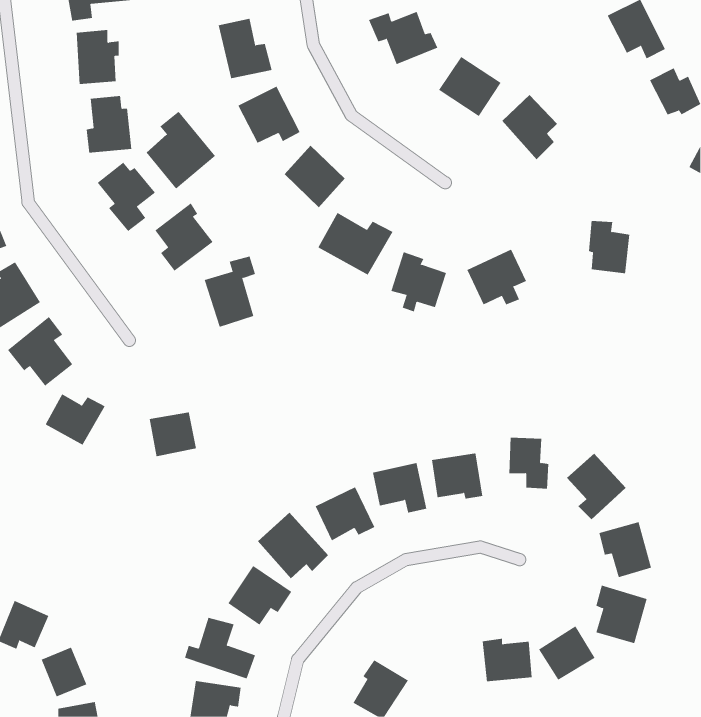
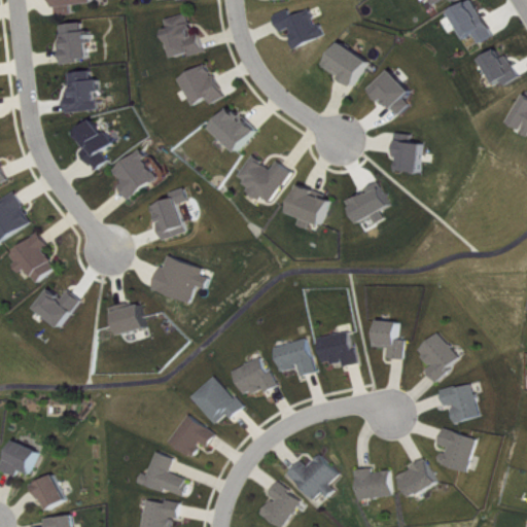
building: [146,111,216,189] -> none
building: [588,220,630,274] -> [389,133,420,172]
building: none -> [152,254,209,303]
building: none -> [285,454,338,499]

